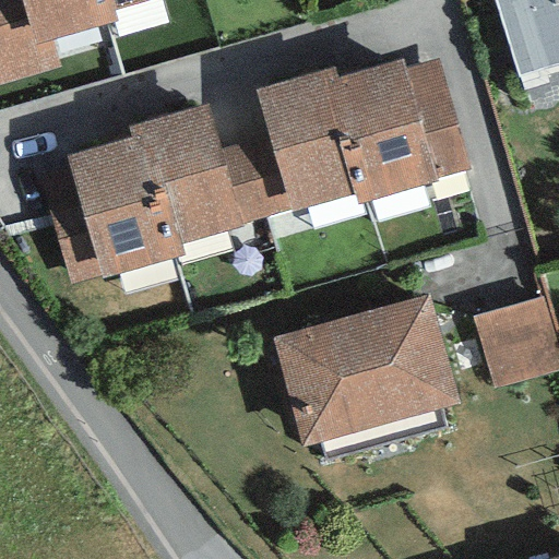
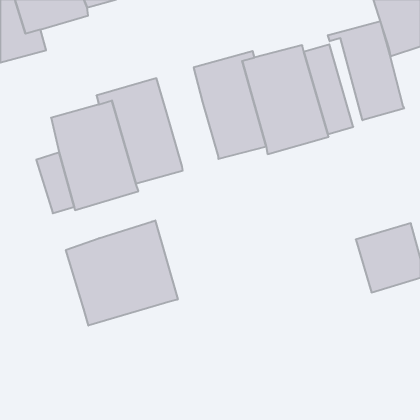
building: none -> [328,21,404,120]
building: [222,135,290,221] -> none
building: none -> [66,220,178,326]
building: [271,294,459,444] -> none

